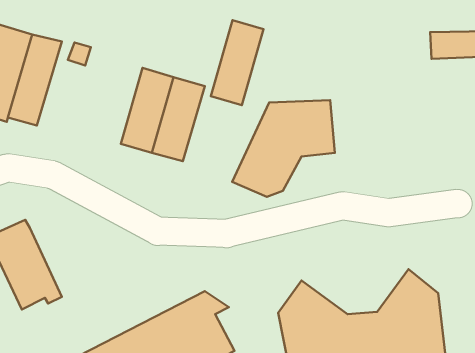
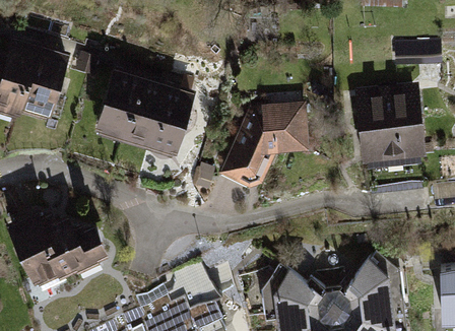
building: [211,20,264,105] -> [93,67,140,142]
building: none -> [353,83,428,165]
building: none -> [41,211,110,279]

